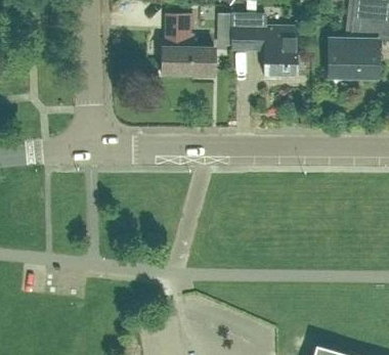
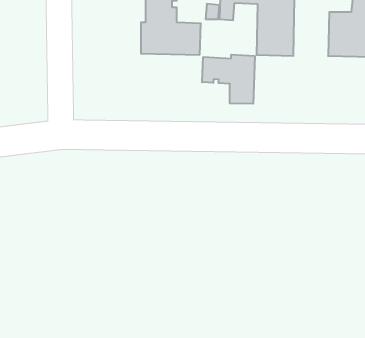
building: none -> [202,55,255,104]

